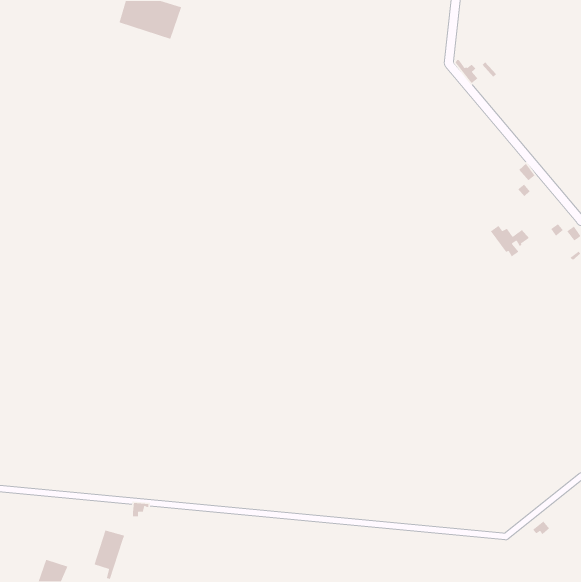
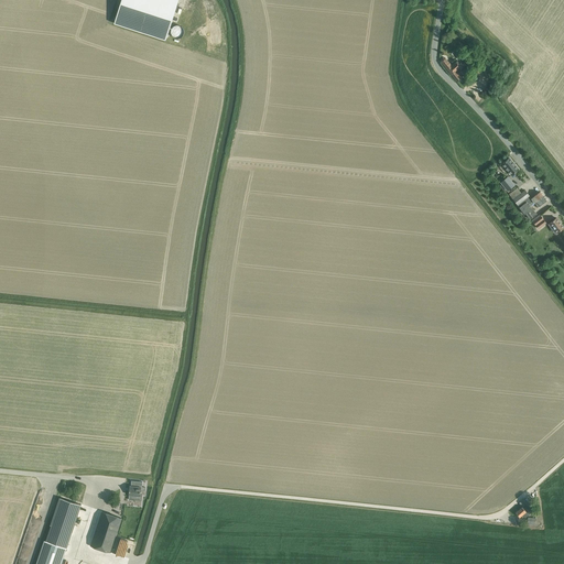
building: [490,224,530,258] -> [508,187,546,219]
building: none -> [45,498,80,547]

